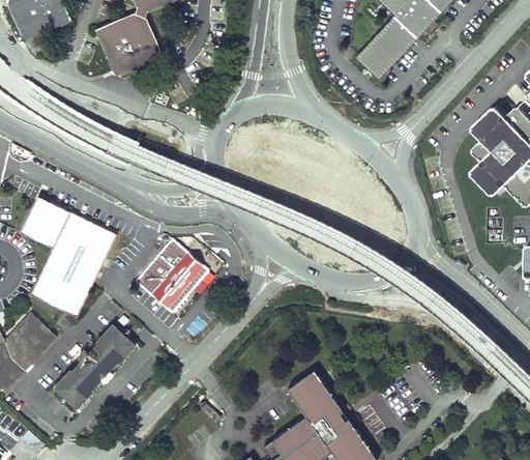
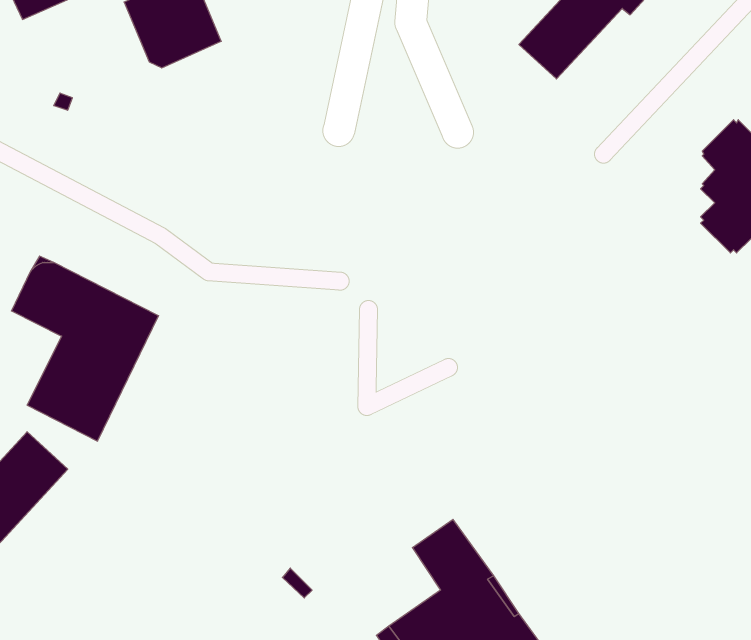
building: [136,241,209,314] -> none
building: [54,326,135,409] -> none

